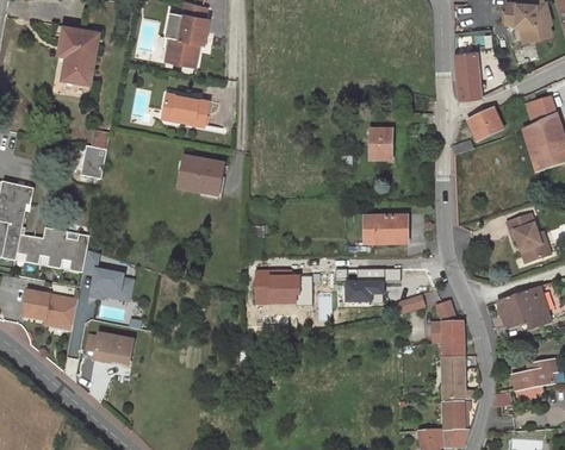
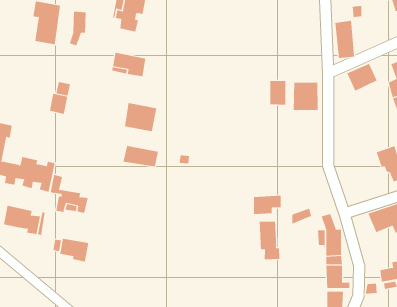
building: none -> [69,11,86,46]
building: none -> [293,82,318,111]
building: none -> [123,145,158,167]
building: [364,217,404,243] -> none
building: [254,269,300,304] -> none
building: none -> [259,221,280,260]

